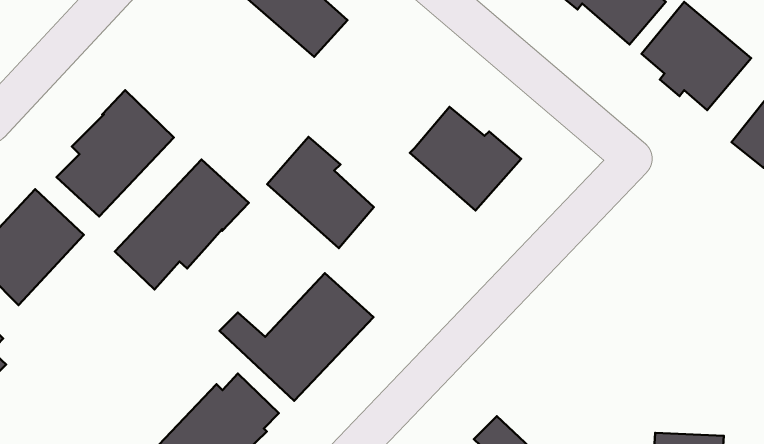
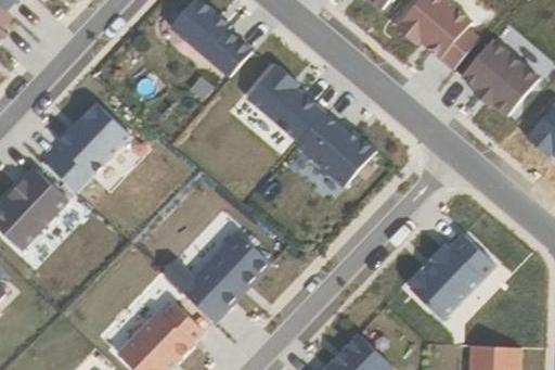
building: [267,137,374,248] -> [248,63,324,142]
building: [115,160,249,290] -> none
building: none -> [406,233,494,317]

